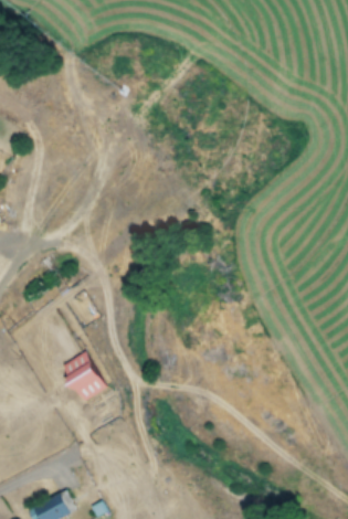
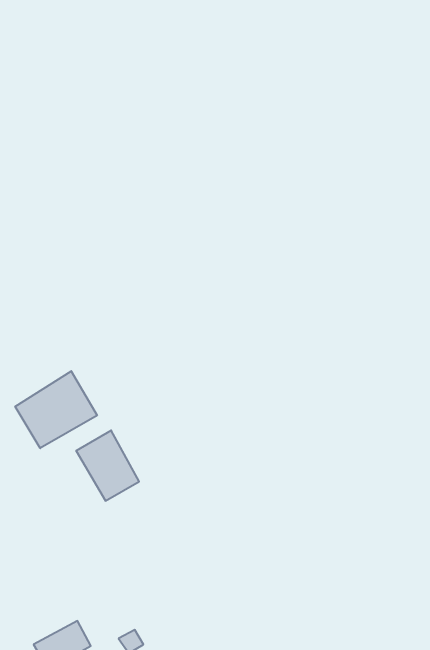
building: none -> [15,371,97,448]

